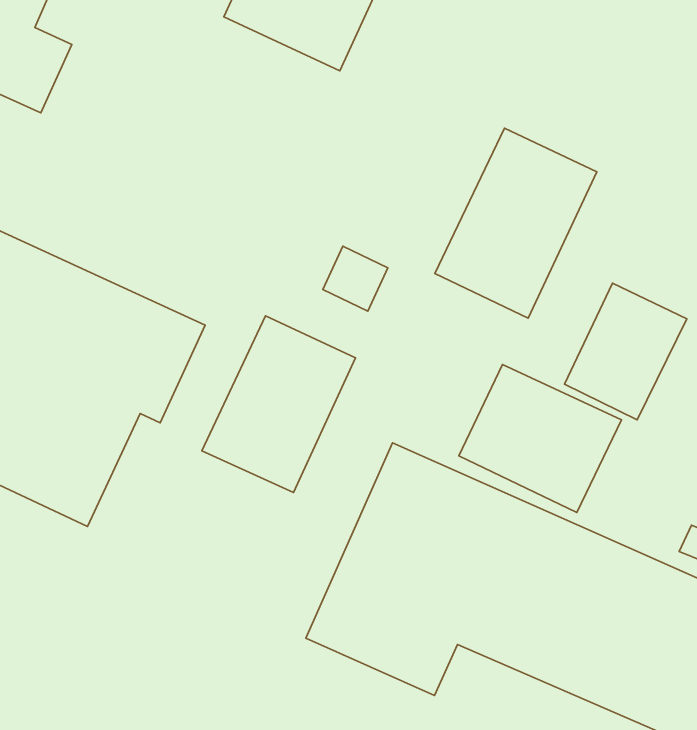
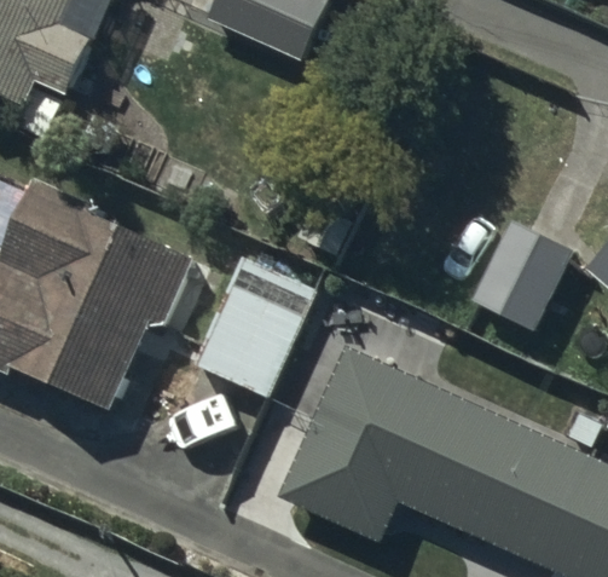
building: [435,128,597,318] -> none
building: [459,364,621,512] -> none

